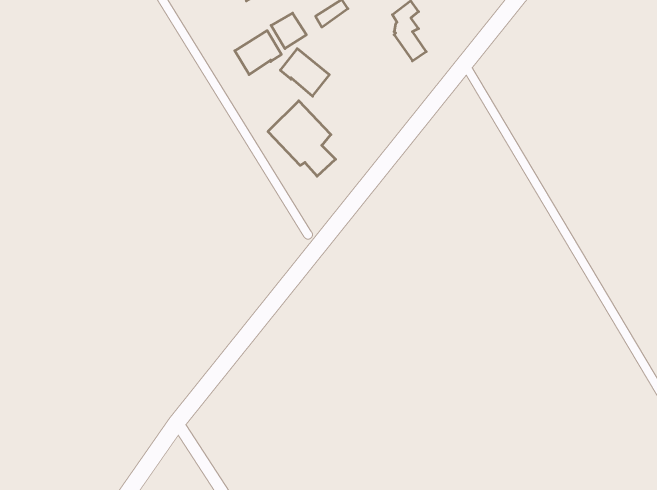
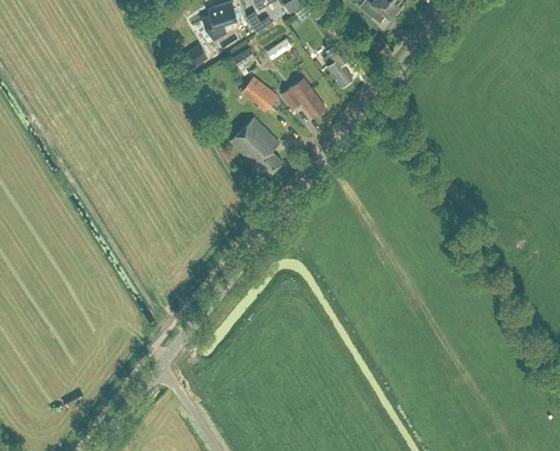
building: [235,31,281,75] -> none
building: none -> [282,81,325,116]

